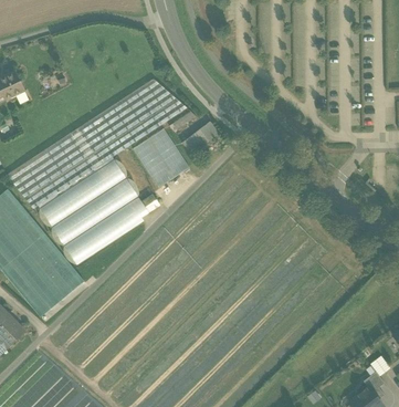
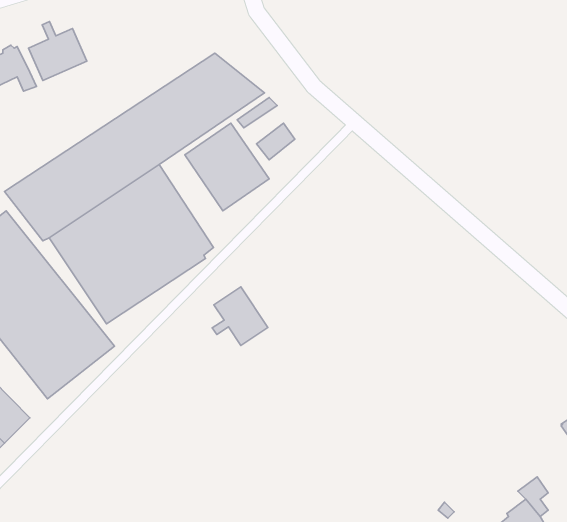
building: none -> [29,22,87,81]
building: none -> [212,287,268,345]

